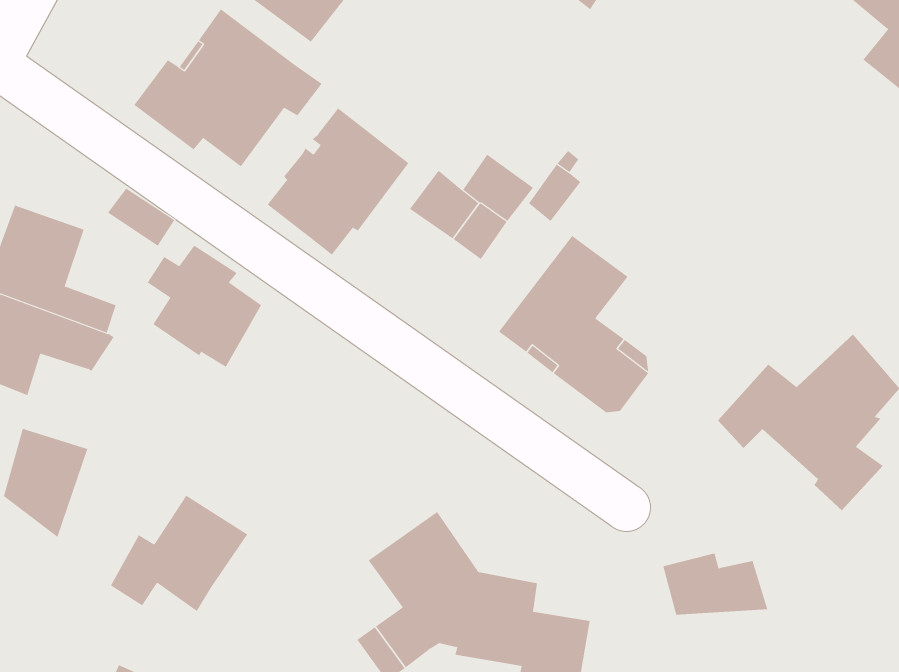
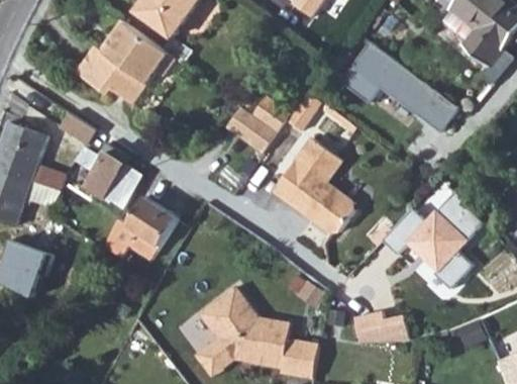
building: none -> [341,41,459,132]
building: [267,107,409,256] -> none
building: [110,495,248,612] -> [103,196,177,259]

